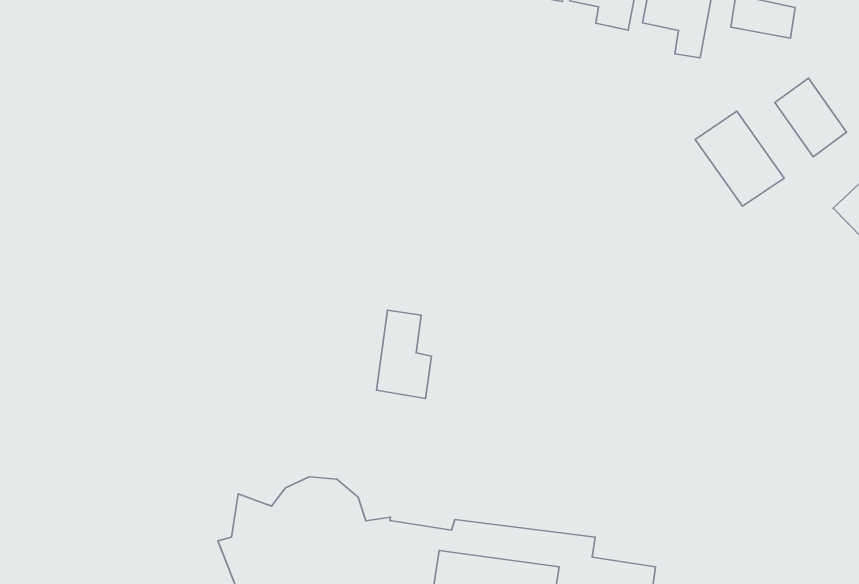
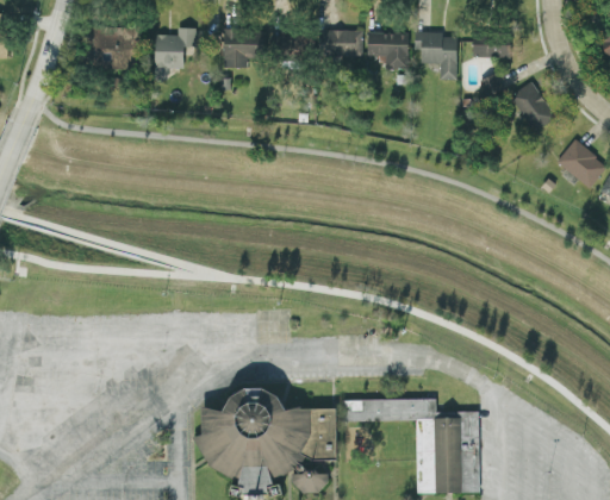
building: [695,111,784,206] -> none
building: [376,310,431,398] -> none

